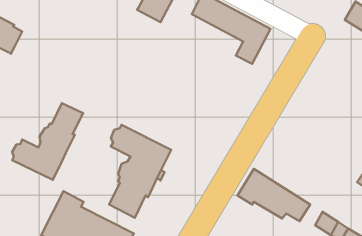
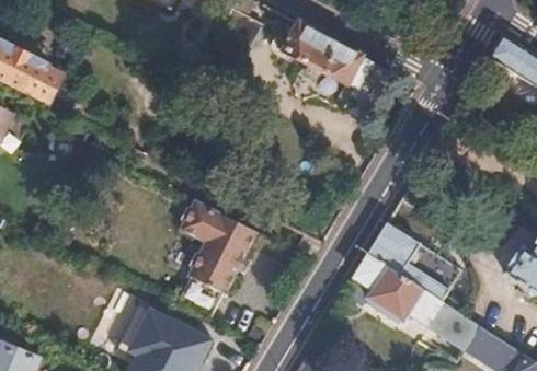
building: [12,103,83,180] -> none
building: none -> [368,223,462,303]

